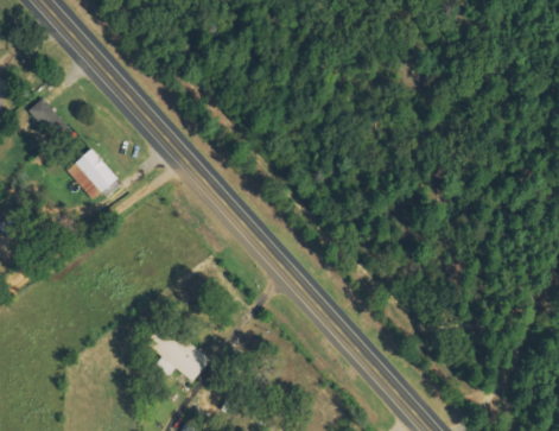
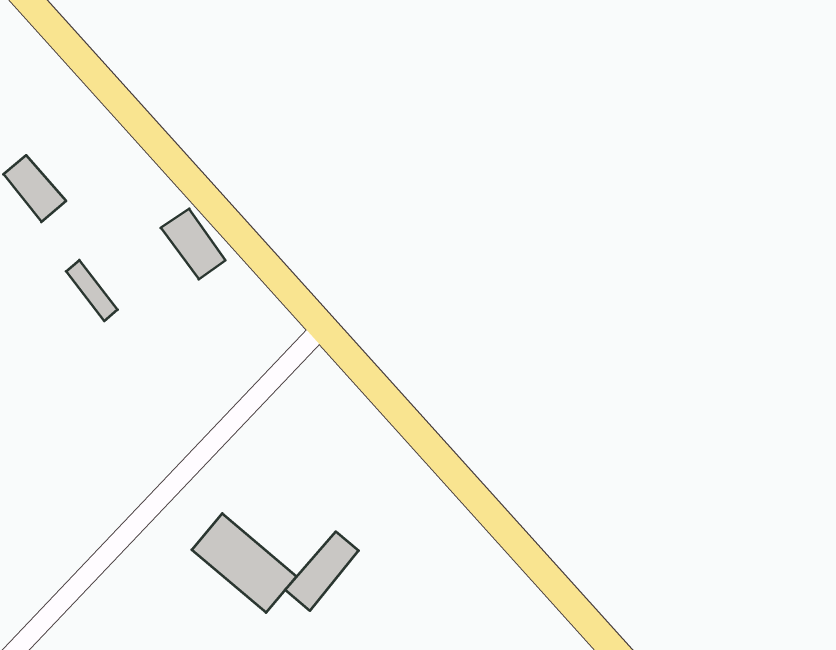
building: [76,150,116,194] -> [161,209,225,279]
building: none -> [285,532,359,611]

